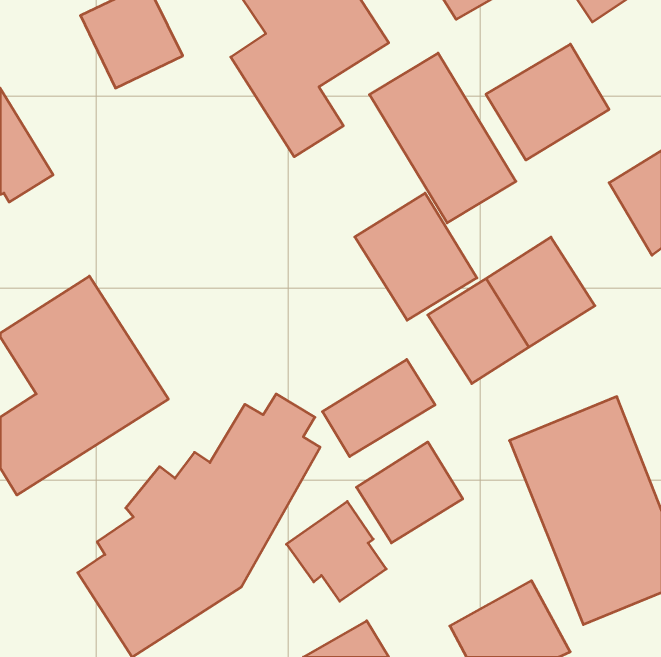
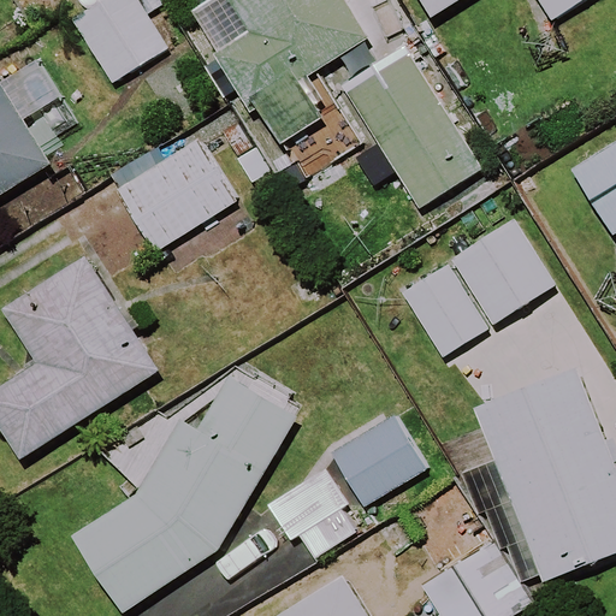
building: [486,44,609,160] -> none
building: none -> [114,137,241,253]
building: [355,193,477,320] -> none
building: [322,359,435,457] -> none

